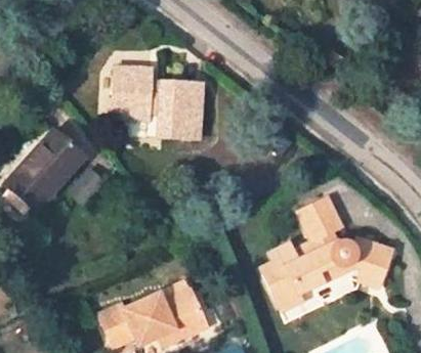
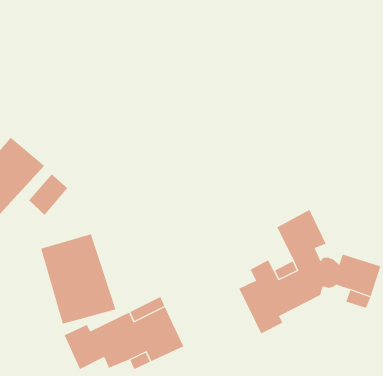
building: [113,68,201,137] -> none
building: none -> [41,234,116,325]

